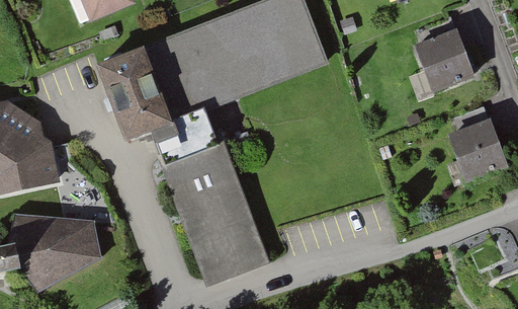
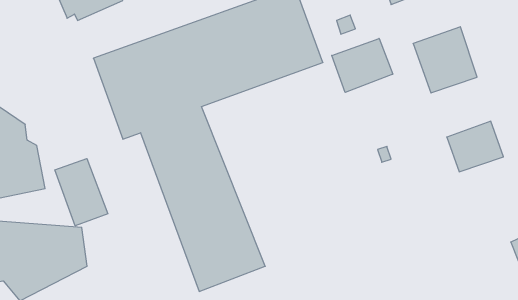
building: none -> [332,38,393,92]
building: none -> [55,159,108,226]

